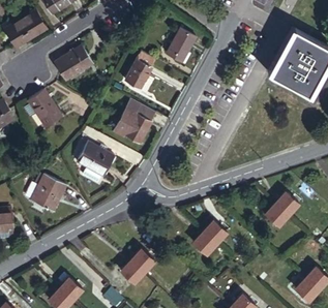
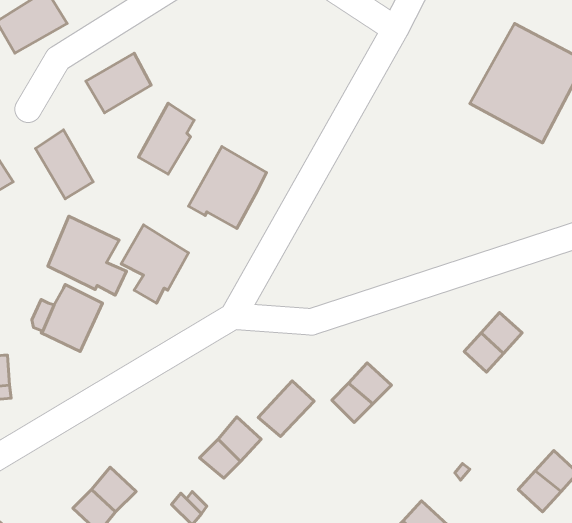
building: [167,27,196,63] -> none
building: [122,50,153,89] -> [138,103,194,174]
building: none -> [48,216,126,295]
building: none -> [258,381,314,436]

